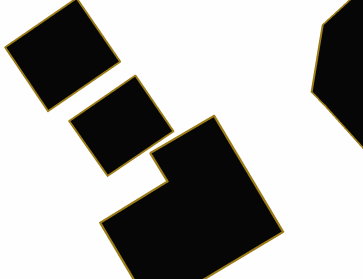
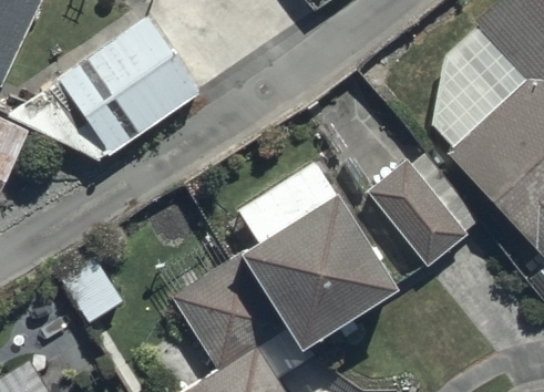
building: [69,76,173,176] -> none
building: none -> [368,147,479,266]

